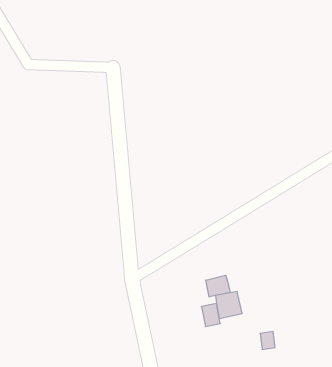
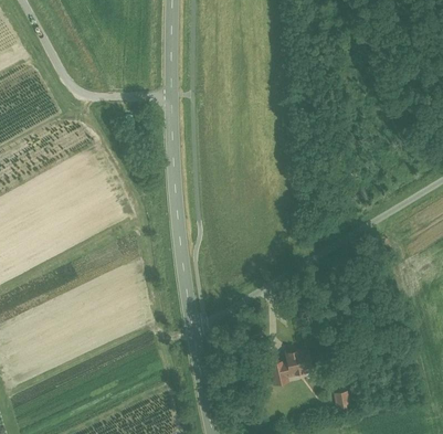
building: [206,275,230,297] -> none

